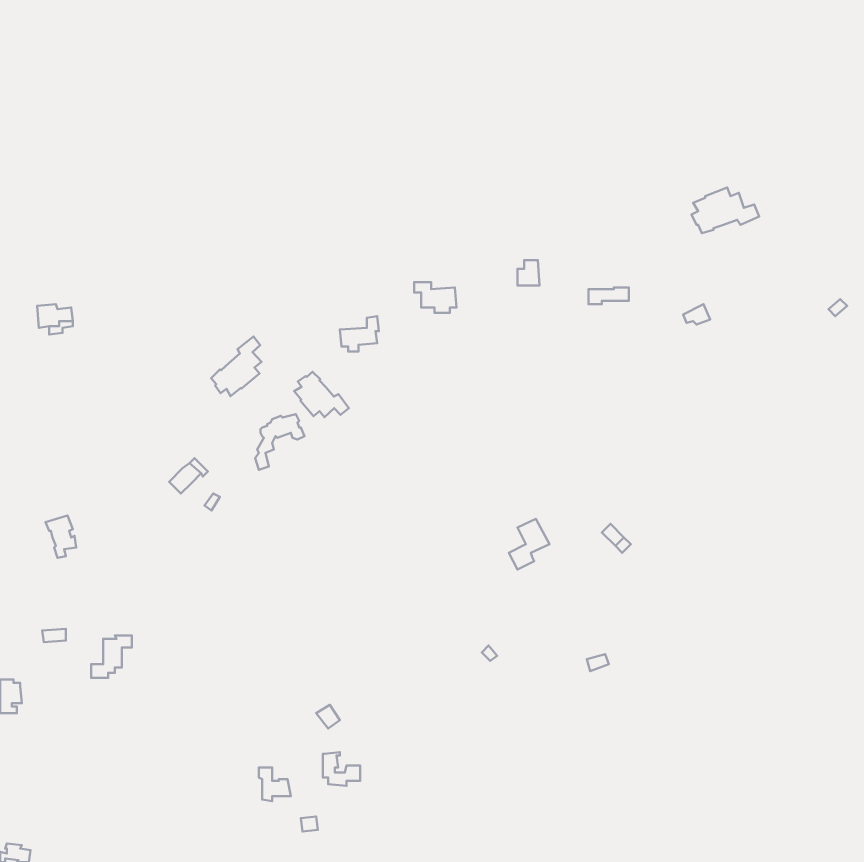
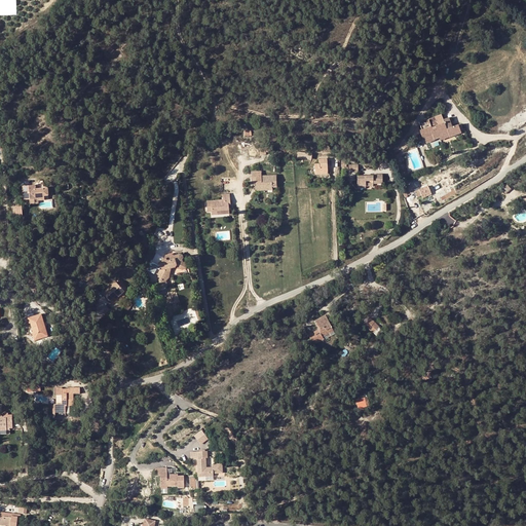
building: [211,337,262,396] -> none
building: [294,372,349,417] -> none

